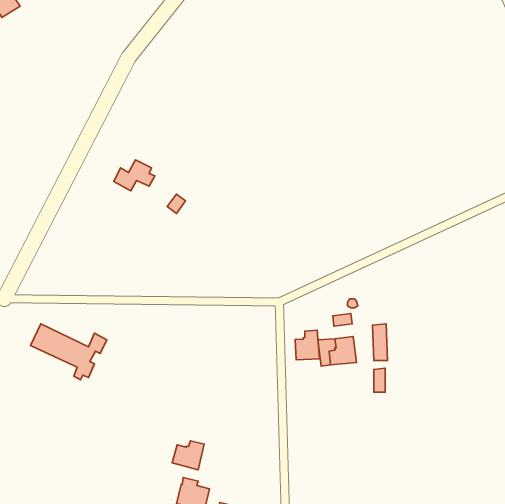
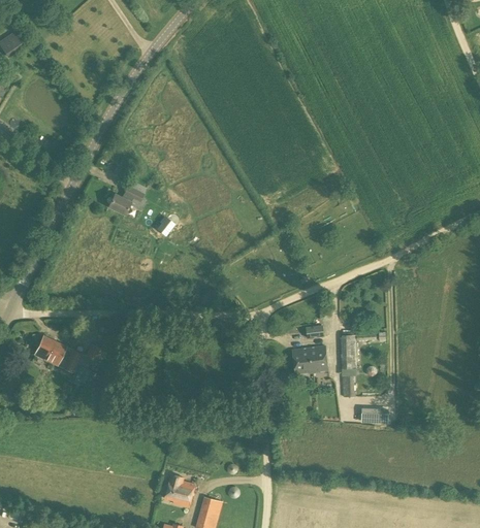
building: [295,330,320,360] -> none
building: none -> [360,407,387,423]
building: [172,441,204,470] -> none

